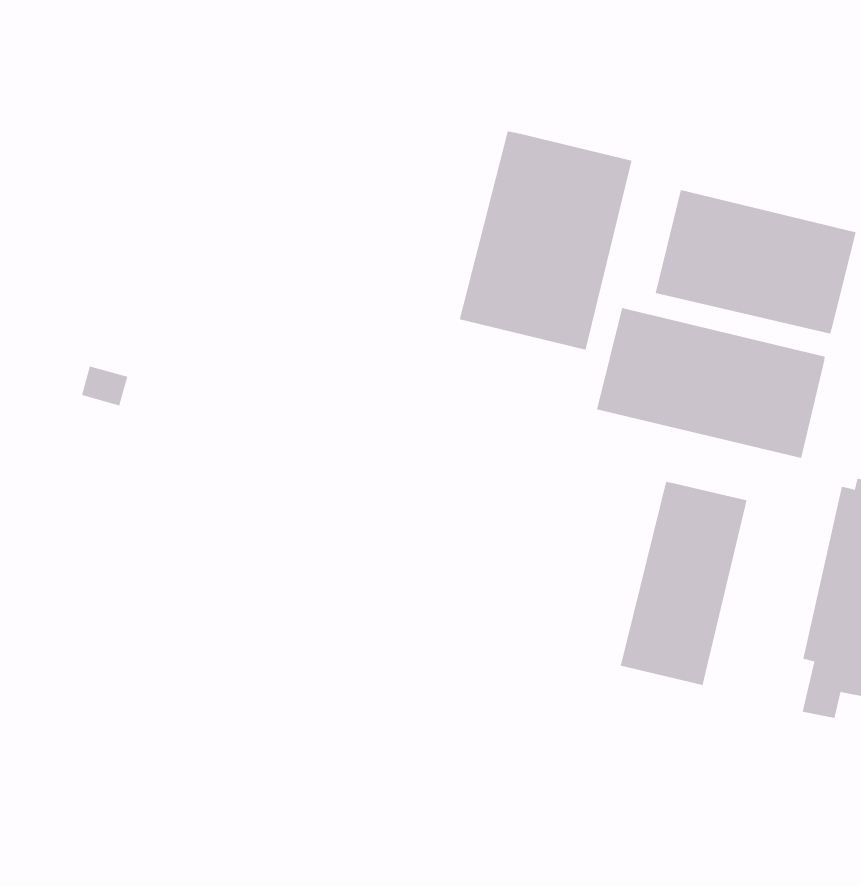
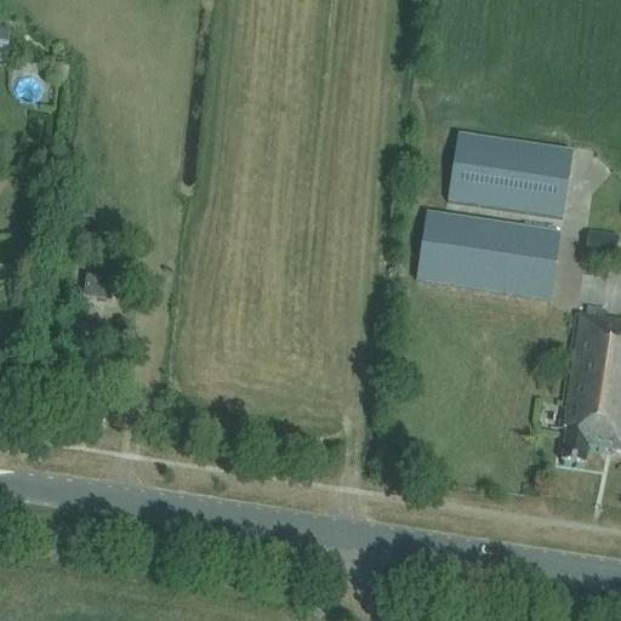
building: [459,131,632,350] -> none
building: [620,481,747,686] -> none

